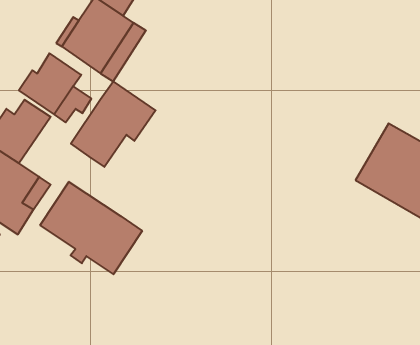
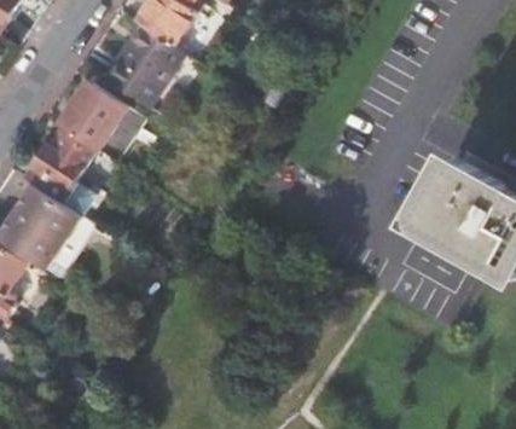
building: [71,82,156,167] -> none
building: [40,182,142,274] -> none

